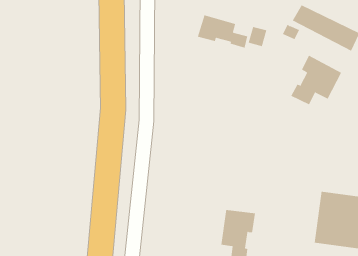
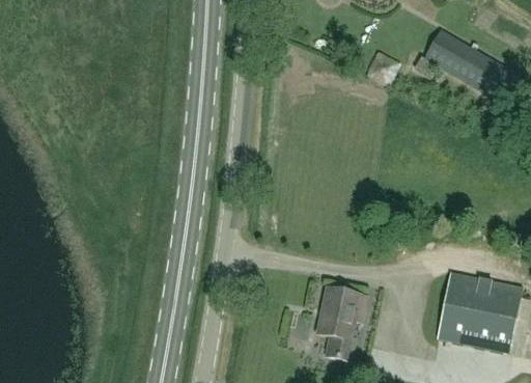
building: [197,15,248,48] -> none
building: [291,55,342,105] -> none

